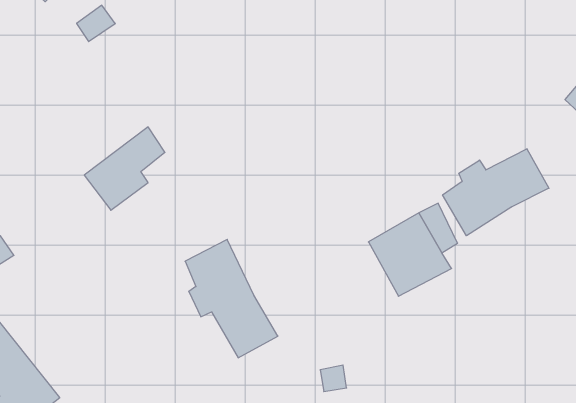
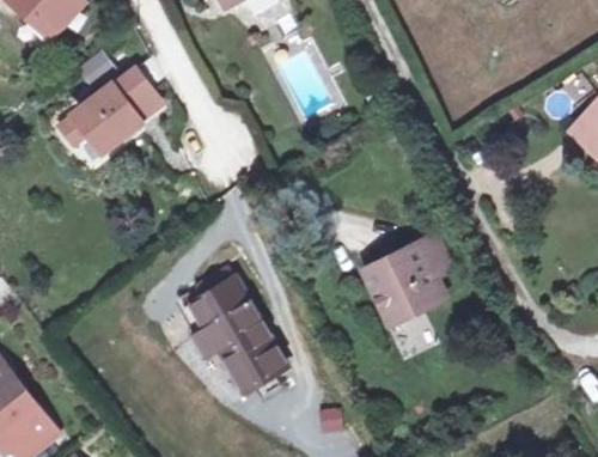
building: [84,127,165,210] -> [72,67,152,150]
building: [443,149,549,236] -> none

